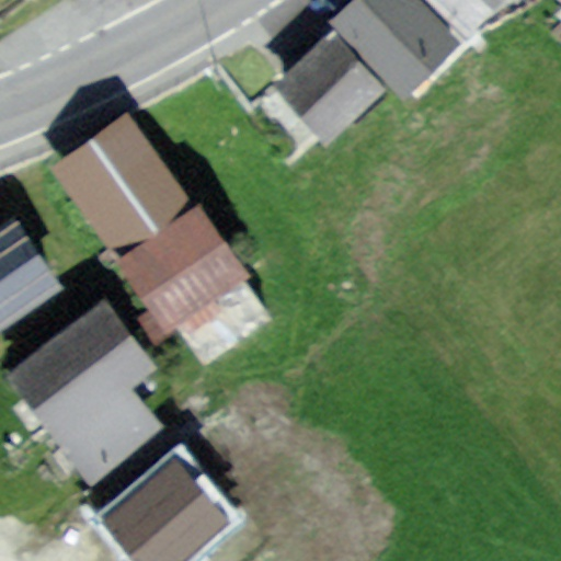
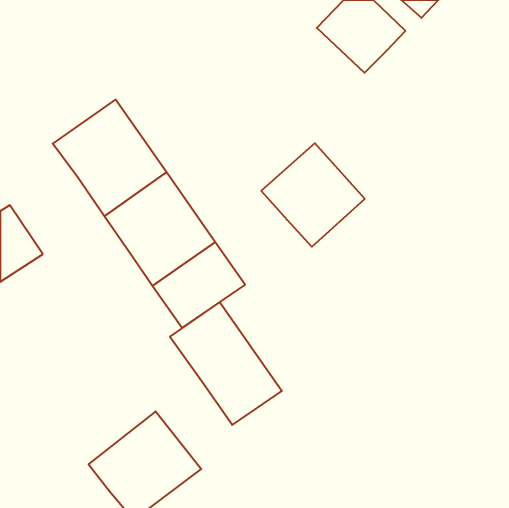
building: [271,34,385,148] -> [261,143,365,247]
building: [16,308,148,466] -> none
building: none -> [170,302,282,425]

